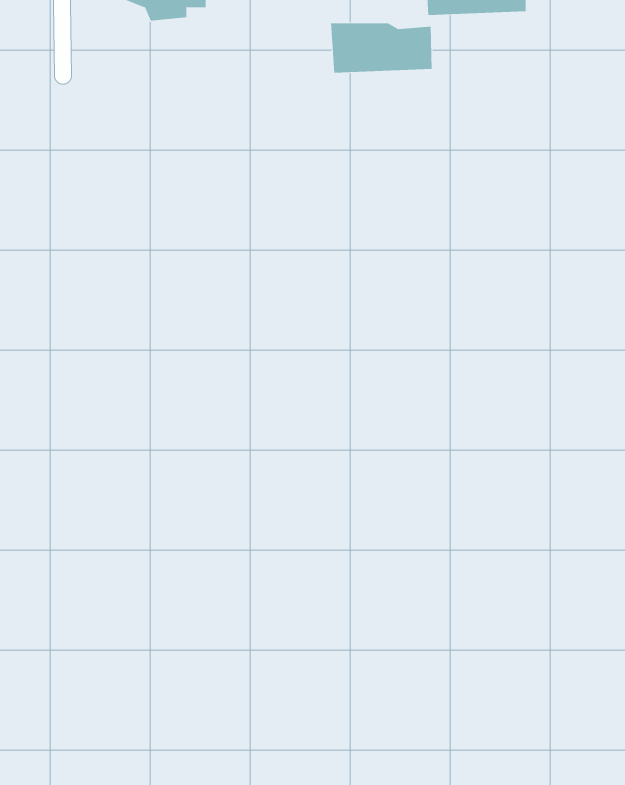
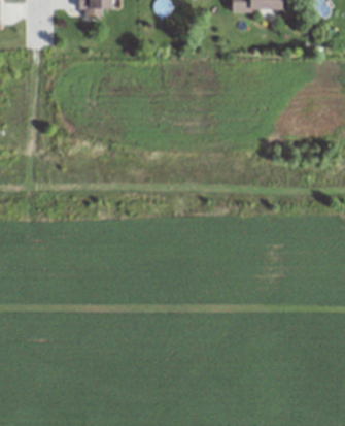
building: [330,22,432,74] -> none

